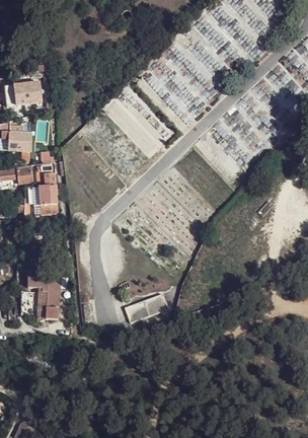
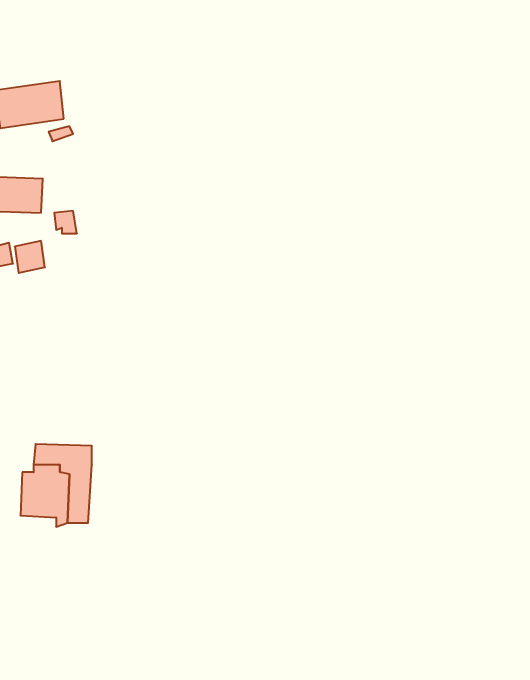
building: [38,172,57,214] -> none
building: [125,293,169,321] -> none

